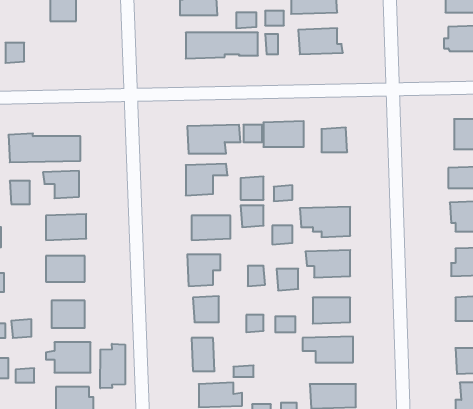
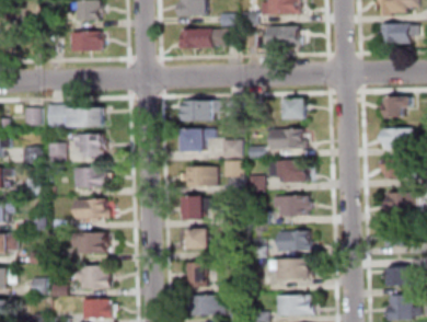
building: none -> [72,32,100,53]
building: [263,121,304,147] -> [270,130,301,150]
building: [100,344,125,388] -> none

